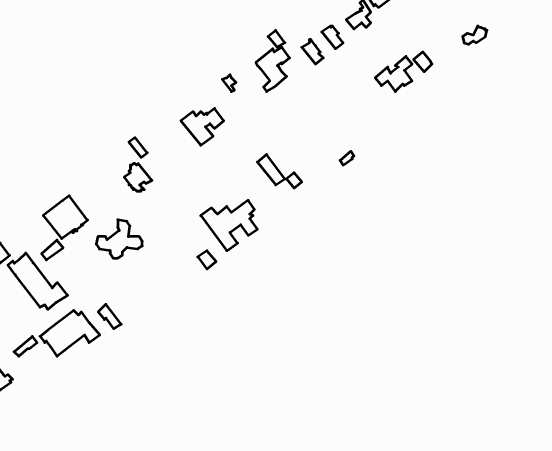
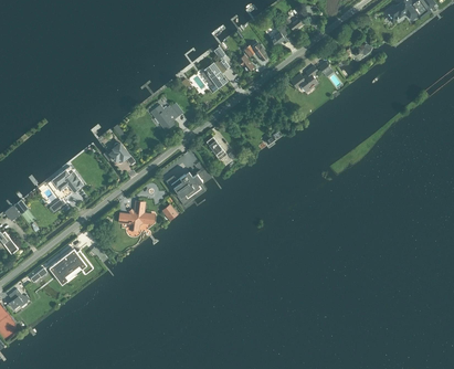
building: [96,220,142,258] -> [119,201,152,229]
building: [8,253,68,309] -> none

